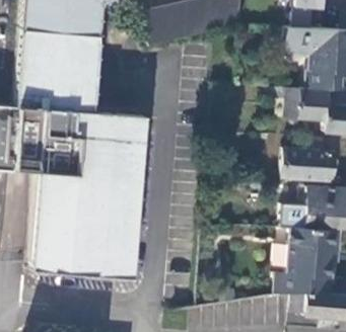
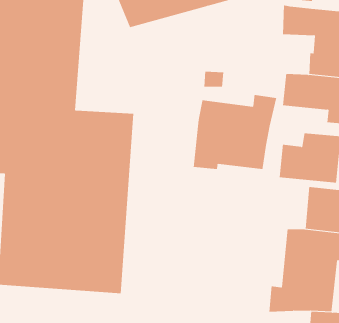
building: none -> [193,94,277,170]

